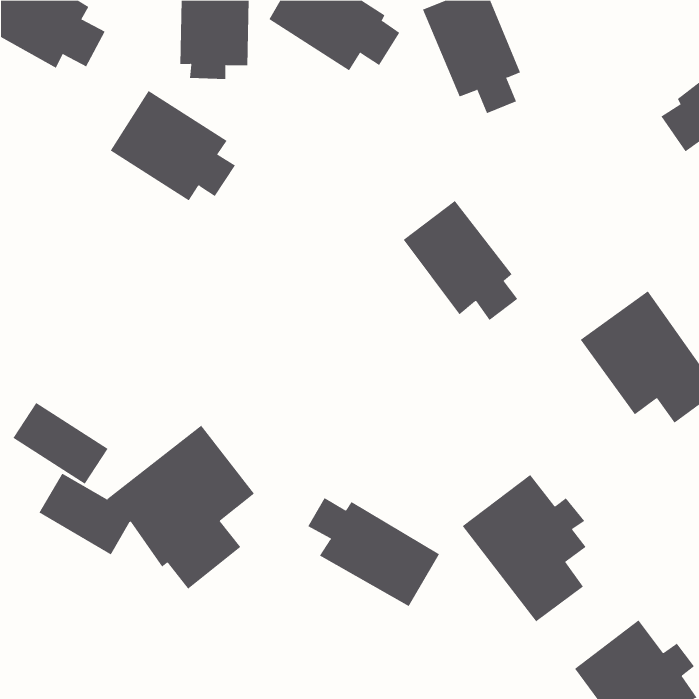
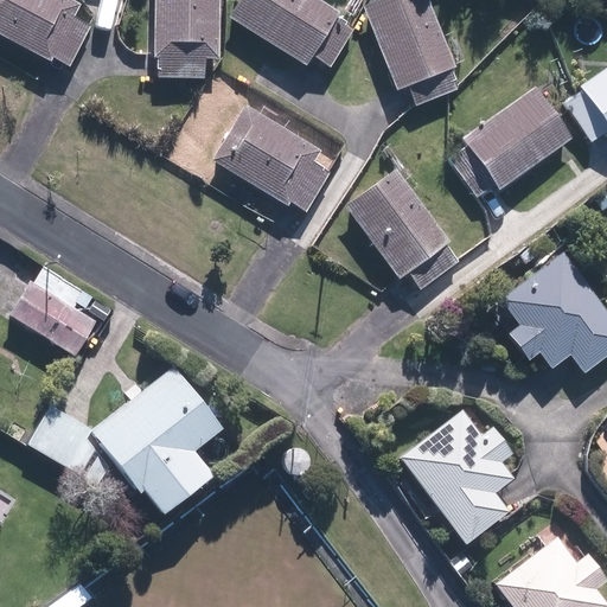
building: [110,90,236,201] -> [217,108,326,204]
building: none -> [460,92,563,184]
building: [12,402,108,484] -> [13,285,96,356]
building: [308,497,440,607] -> none

